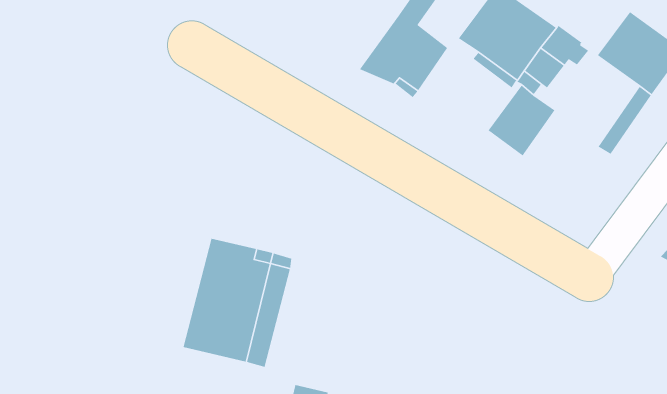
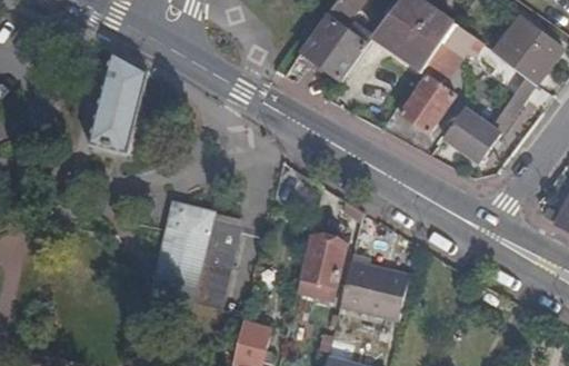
building: none -> [90,50,147,152]
building: none -> [443,108,502,166]
building: none -> [303,234,346,284]
building: none -> [339,254,409,318]

